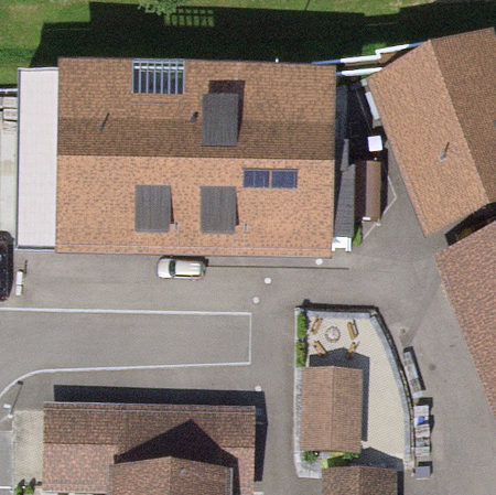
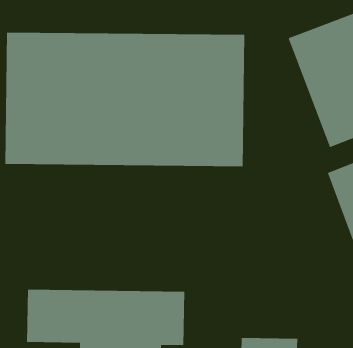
building: [302,365,365,448] -> none

